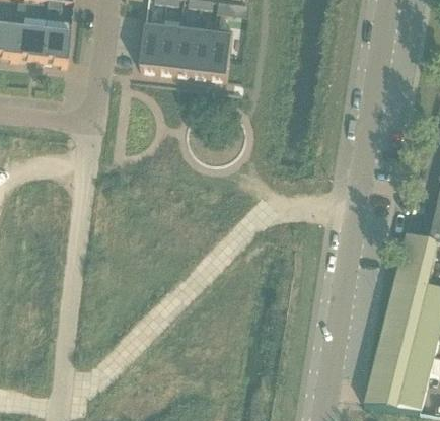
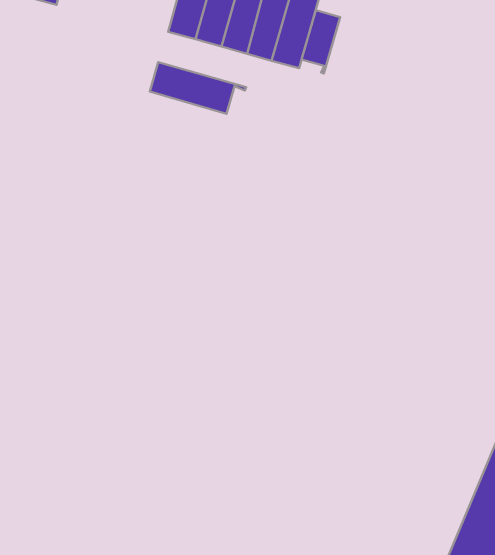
building: none -> [301,10,340,74]
building: none -> [150,62,246,114]

